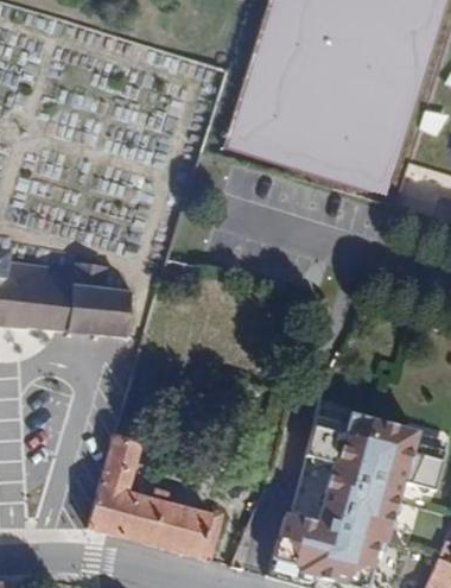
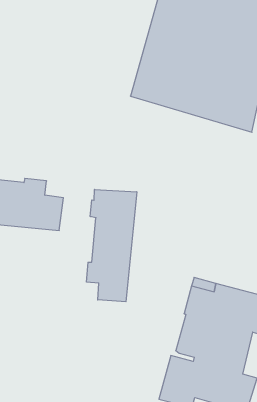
building: none -> [87,189,137,302]
building: [87,434,226,561] -> none

